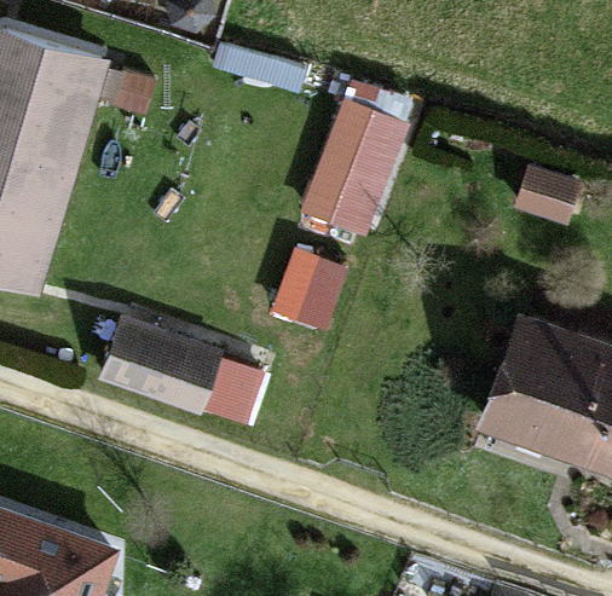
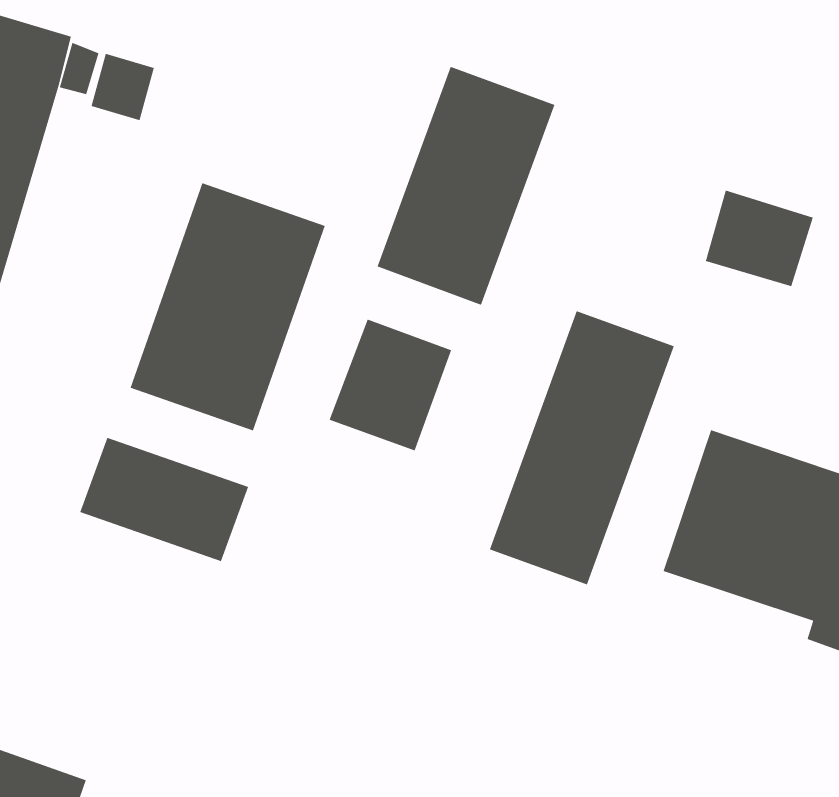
building: none -> [130,182,326,431]
building: none -> [489,310,675,585]

